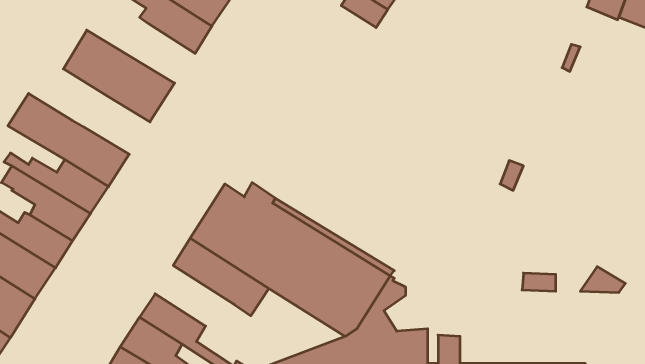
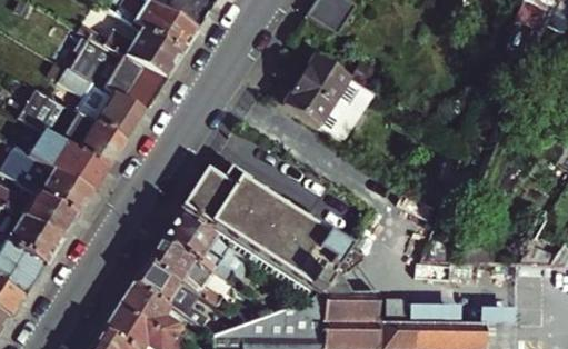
building: none -> [77,24,179,82]
building: none -> [270,56,371,142]
building: none -> [59,70,140,143]
building: none -> [145,239,235,316]

